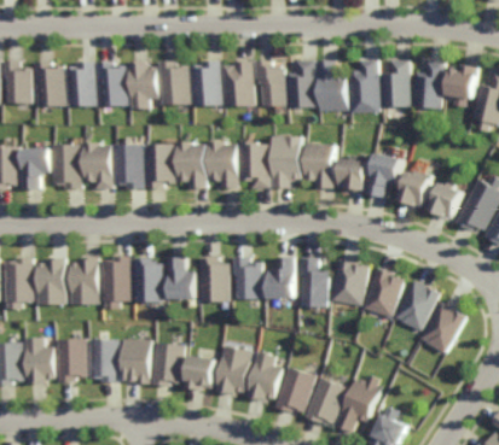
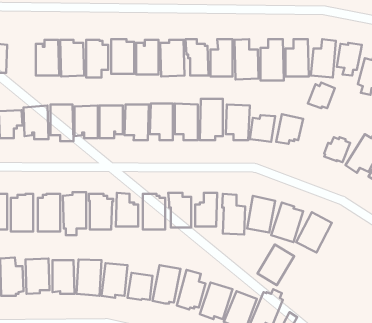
building: [35,63,64,109] -> none
building: [399,171,433,204] -> [308,82,335,108]
building: [419,301,465,352] -> [258,245,294,285]

